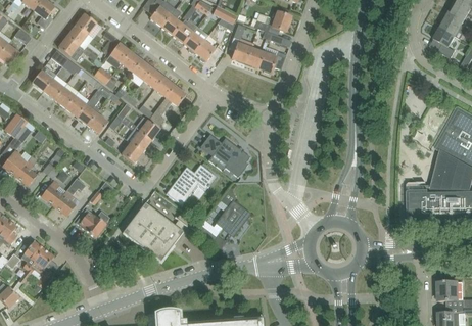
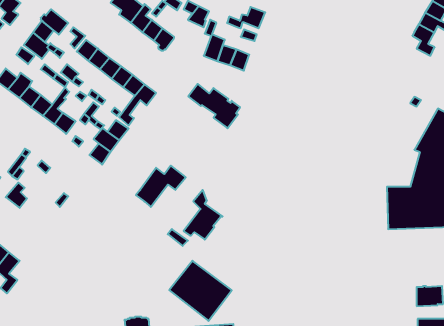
building: [195,34,223,62] -> none
building: [200,134,250,177] -> [188,84,240,128]
building: [54,178,85,216] -> none
building: [123,203,183,262] -> [169,261,232,321]
building: [76,208,108,238] -> none

